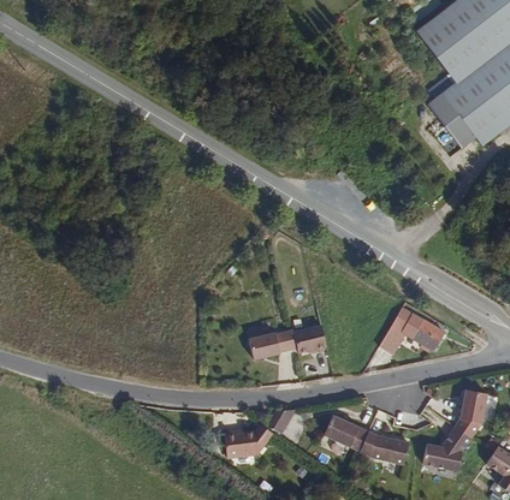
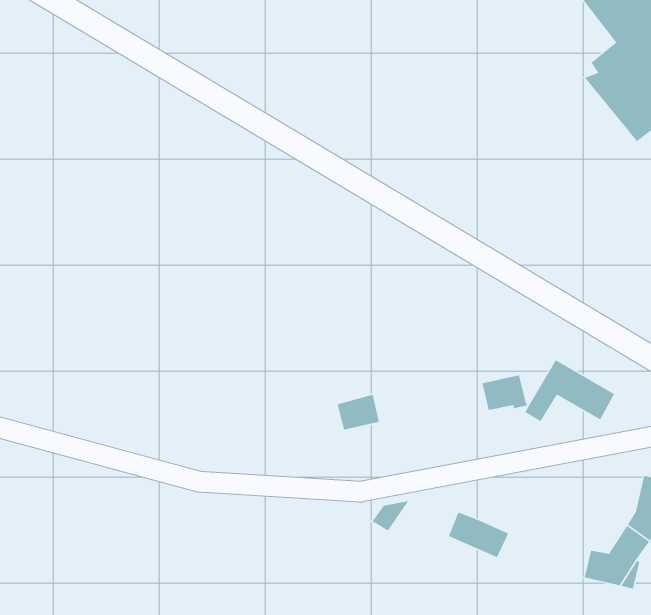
building: [291,323,325,350] -> [481,374,528,411]
building: [226,424,275,459] -> none
building: [361,433,410,465] -> none

